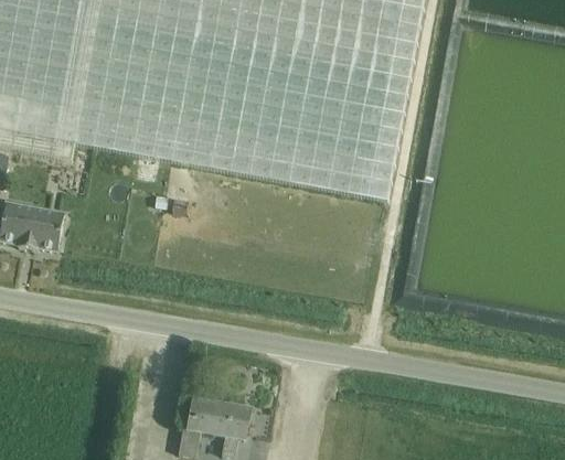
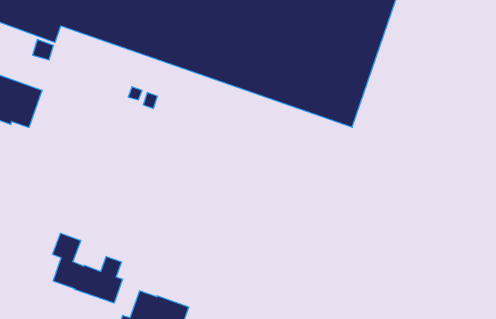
building: none -> [52,233,123,303]

